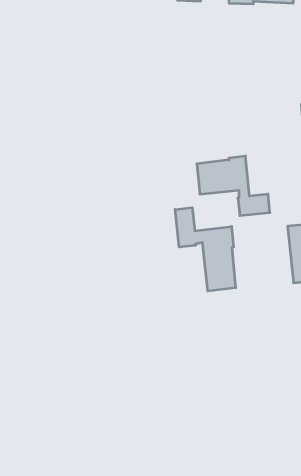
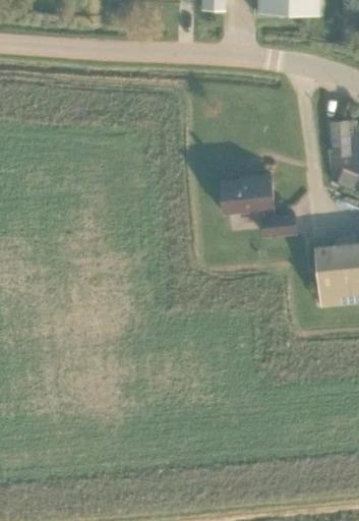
building: [175,208,236,291] -> none

